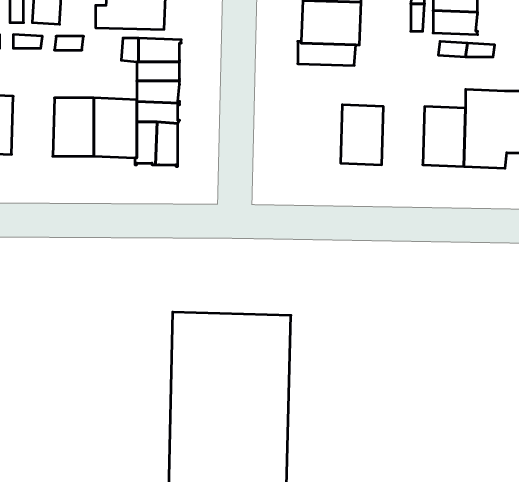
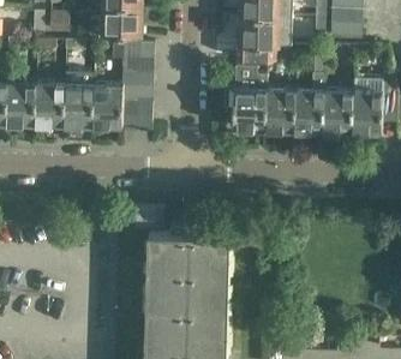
building: none -> [294,46,324,130]
building: none -> [225,65,267,128]
building: none -> [35,82,65,124]

